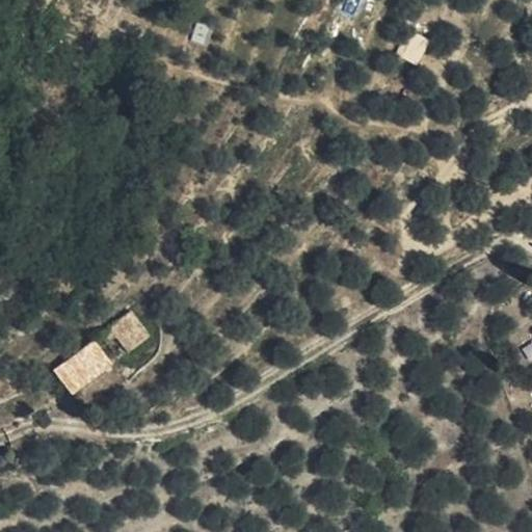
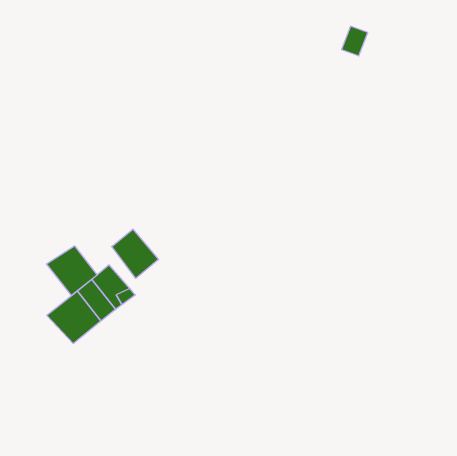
building: none -> [112,229,158,278]
building: none -> [46,246,97,295]

